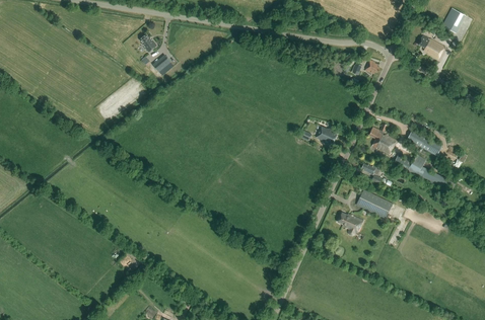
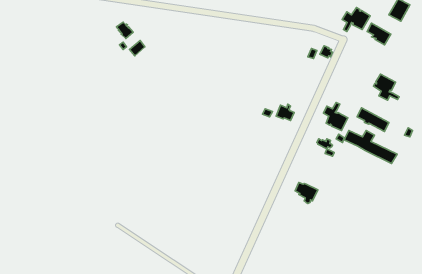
building: none -> [342,8,370,32]
building: none -> [373,74,399,100]
building: [356,188,393,218] -> none

